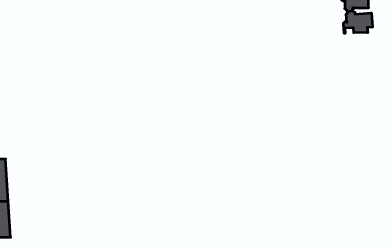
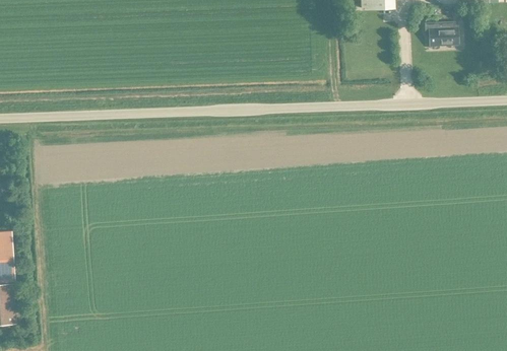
building: [343,11,373,33] -> none

